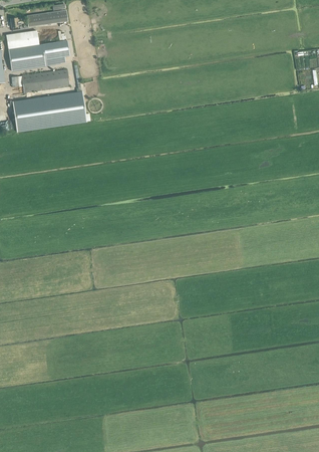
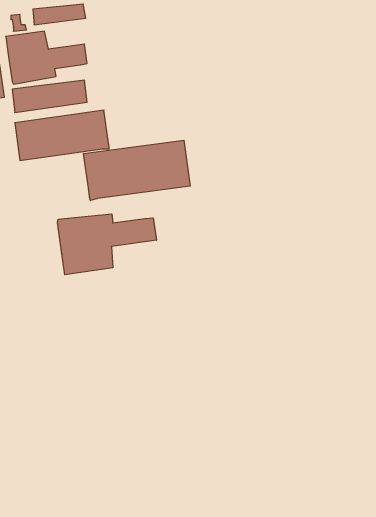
building: none -> [84,140,190,201]
building: none -> [58,214,156,275]

